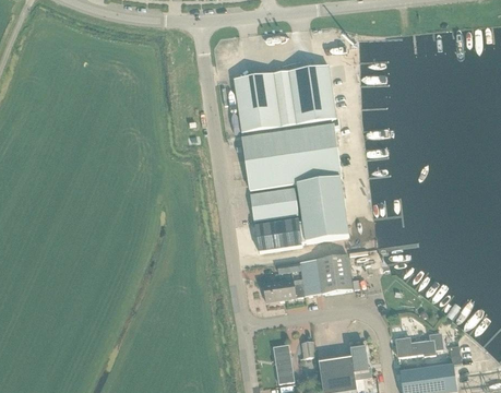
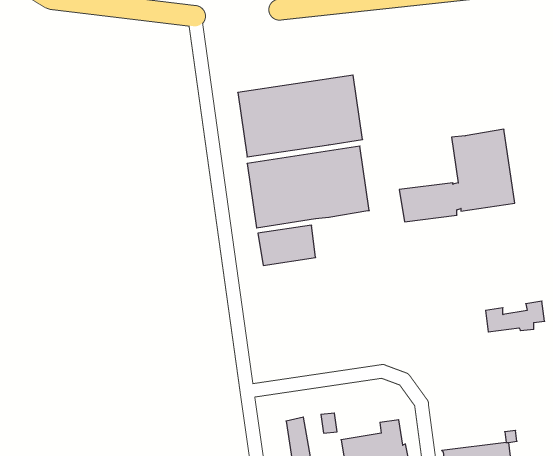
building: [254,175,348,250] -> [399,129,515,222]
building: [263,253,351,301] -> none
building: [395,331,443,356] -> [486,301,545,332]

